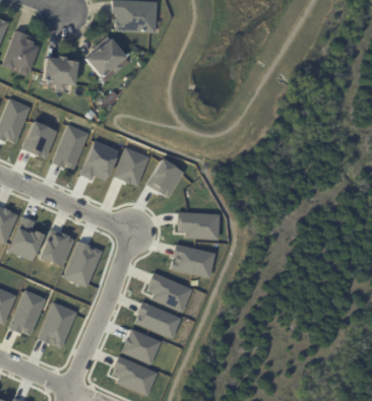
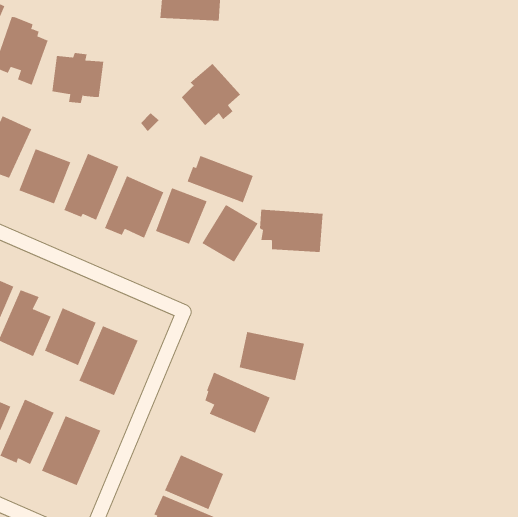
building: [87,36,128,78] -> [181,63,241,126]
building: none -> [187,155,253,203]
building: [177,210,221,240] -> [259,209,324,253]
building: [136,300,181,338] -> none

